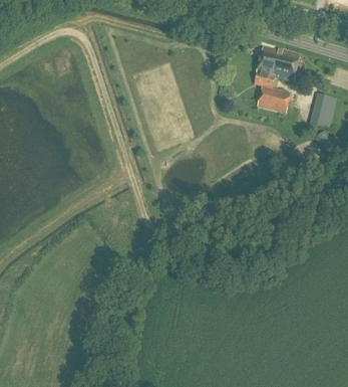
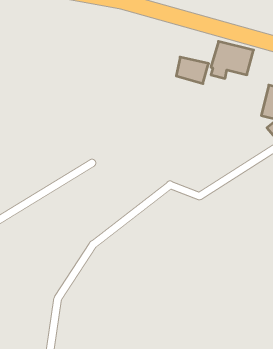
building: [257,84,291,113] -> [176,57,209,84]

